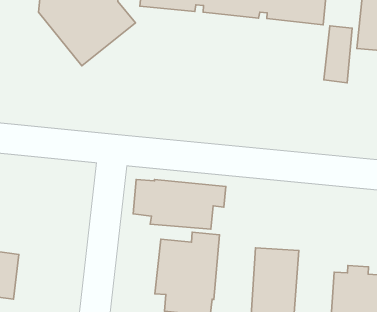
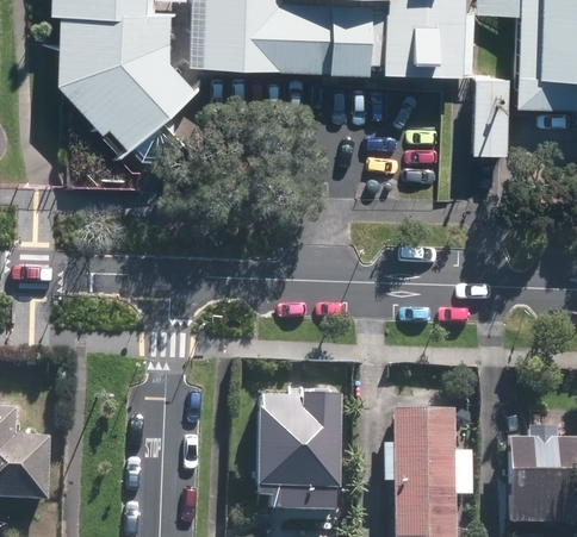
building: [133,179,226,229] -> none

